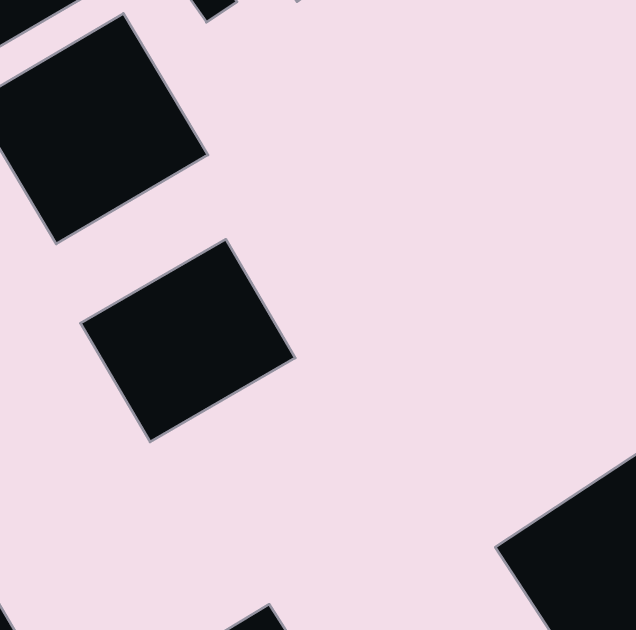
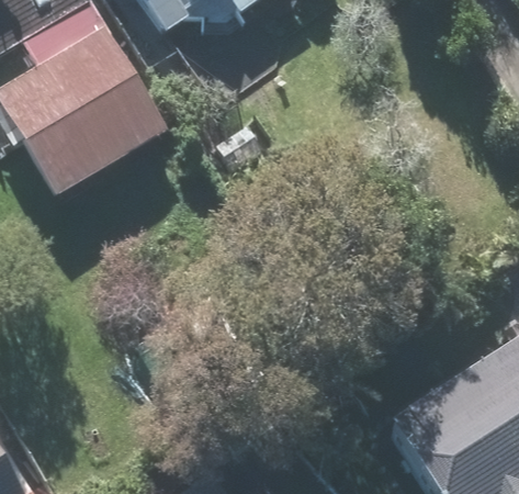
building: [80,239,295,442] -> none

